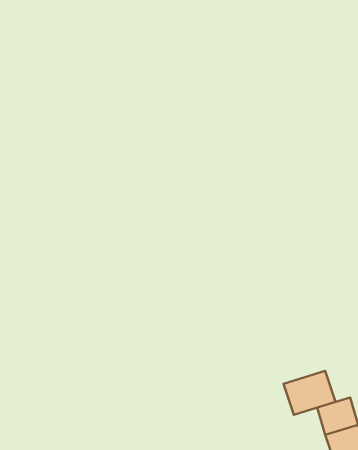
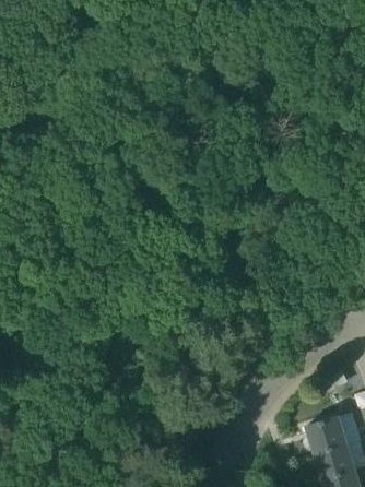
building: [284,371,335,415] -> none

